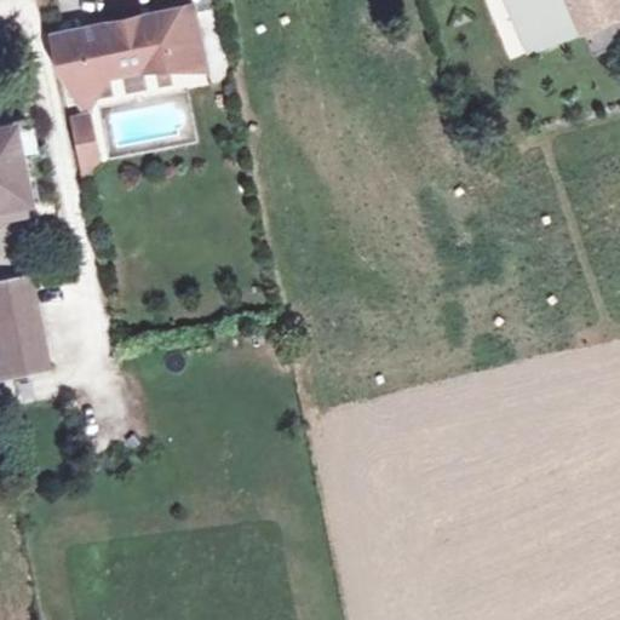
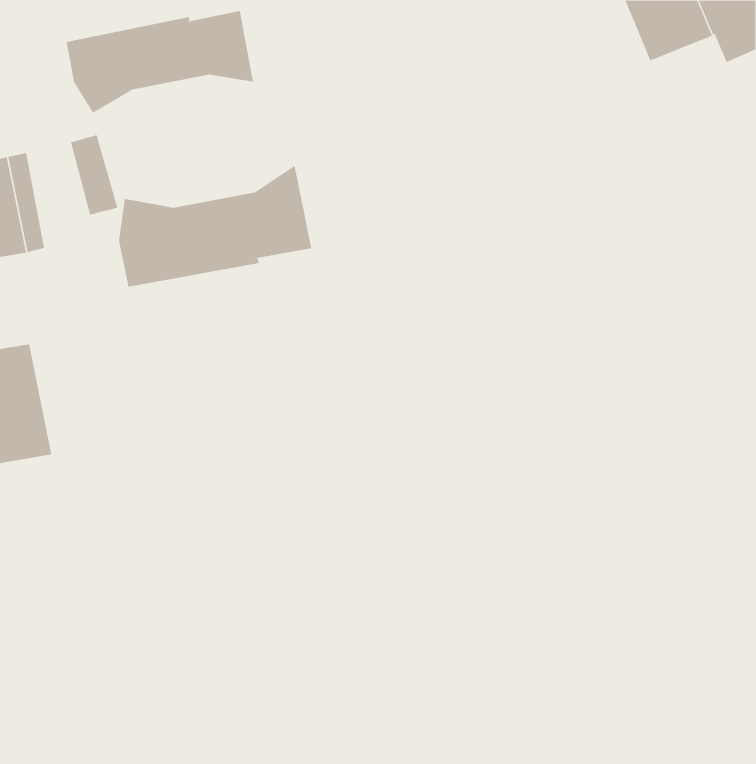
building: none -> [119,165,312,288]

